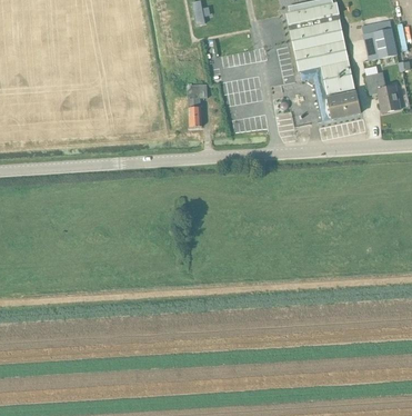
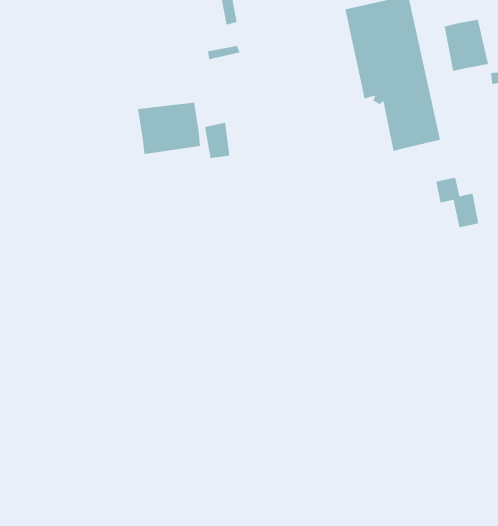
building: [365,72,399,111] -> [436,177,479,228]
building: none -> [138,102,201,155]

